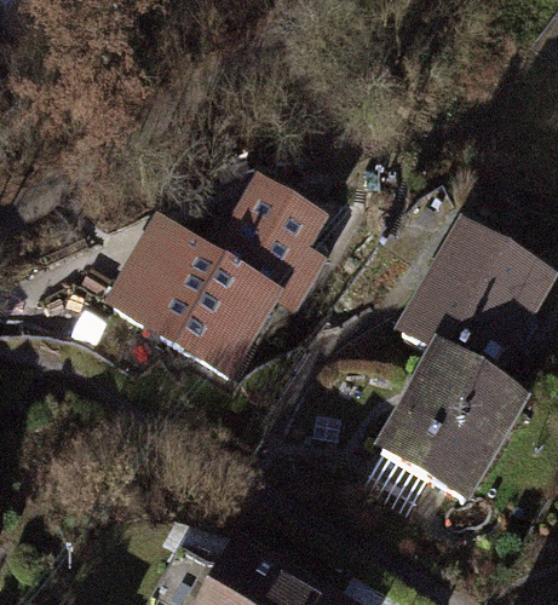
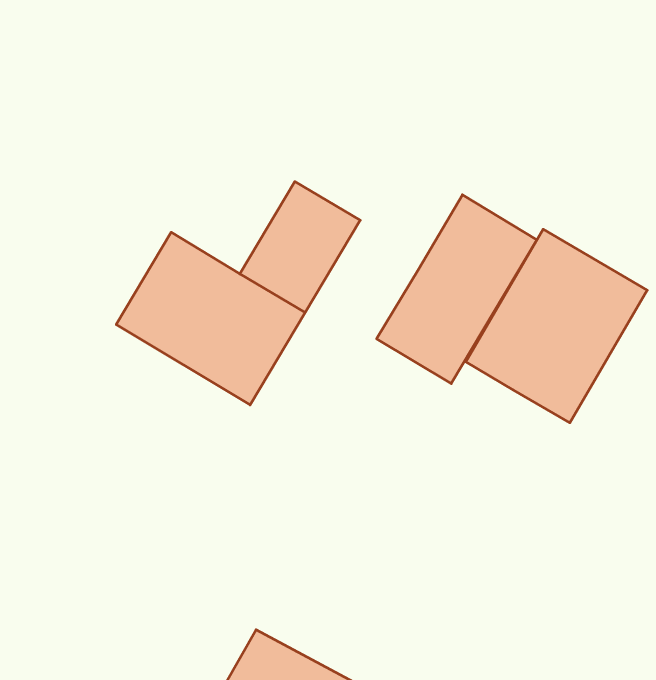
building: none -> [377,195,537,384]
building: [386,356,514,491] -> none

